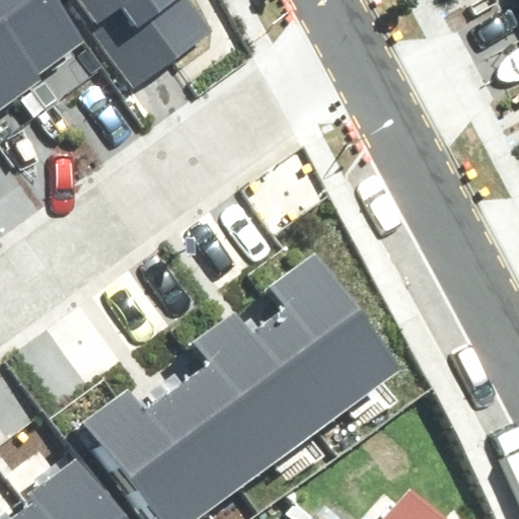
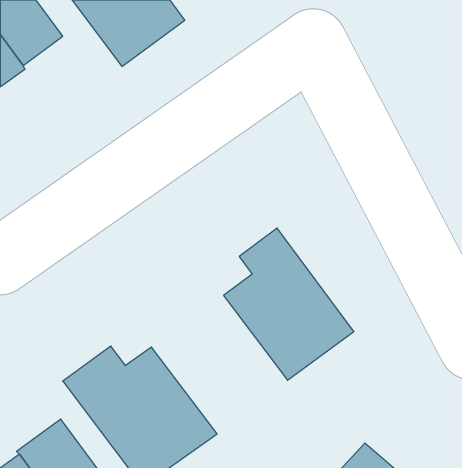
building: [177,309,326,480] -> none

